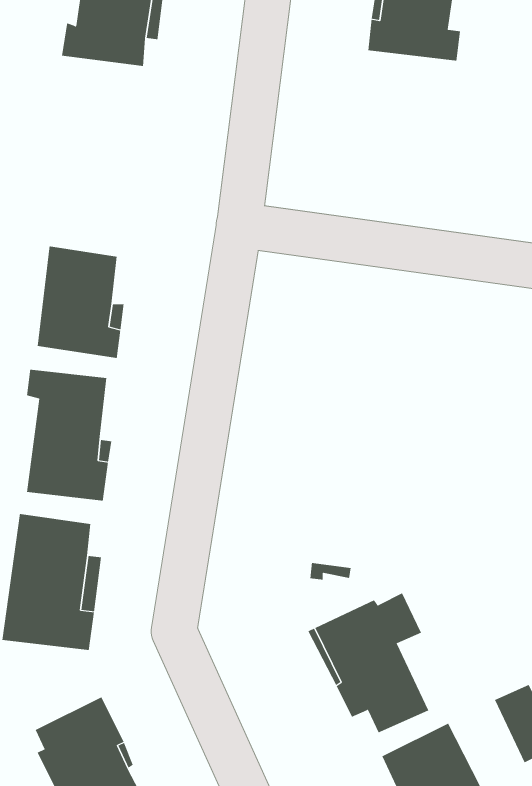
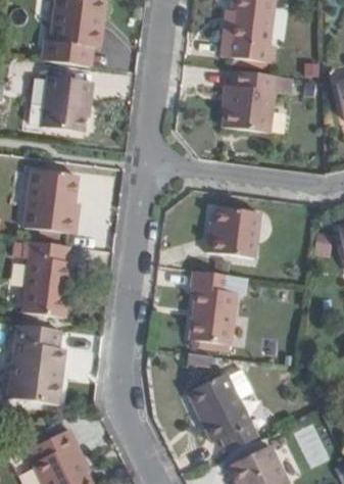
building: none -> [225,69,276,133]
building: none -> [40,74,91,132]
building: none -> [208,207,259,257]
building: none -> [189,271,244,344]

